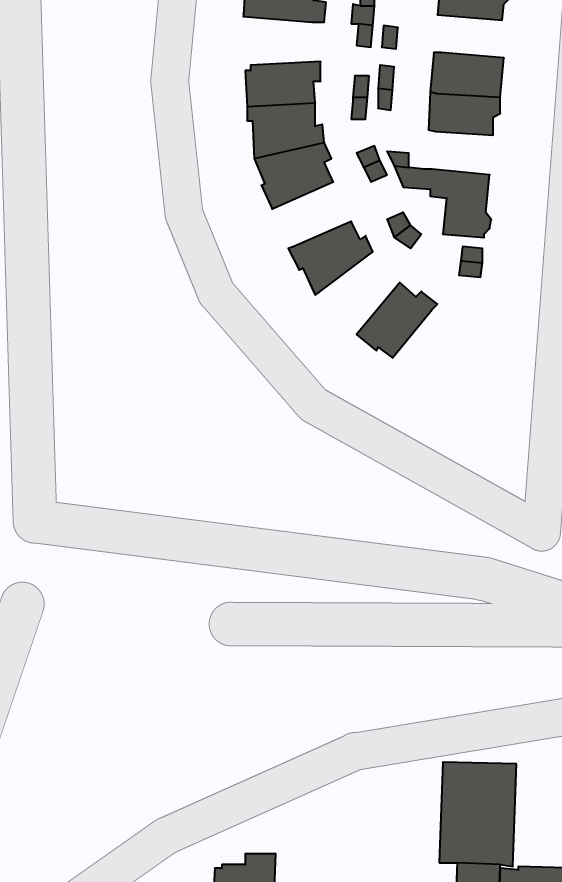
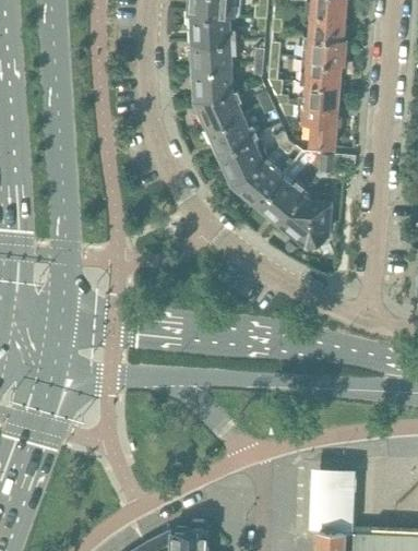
building: none -> [306,15,348,41]
building: none -> [189,16,236,46]
building: none -> [299,86,343,112]
building: none -> [206,117,258,156]
building: none -> [232,159,284,209]
building: none -> [279,194,334,251]

